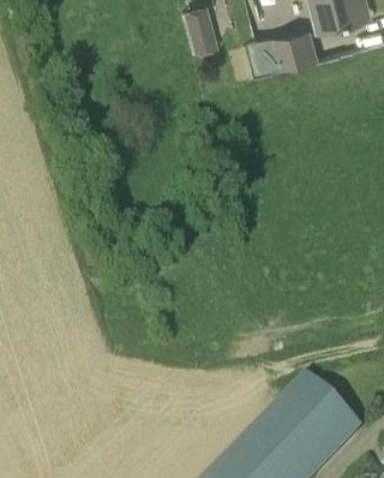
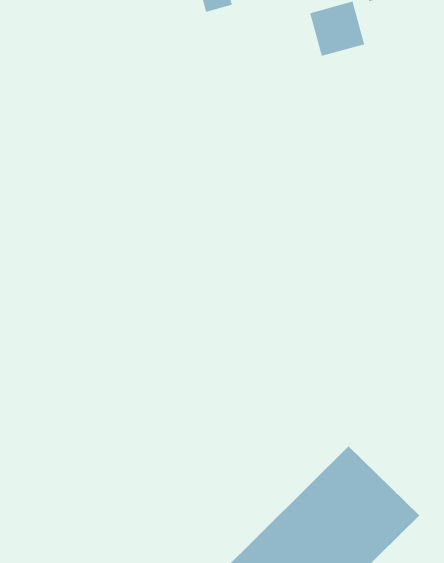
building: [244,37,281,79] -> none

